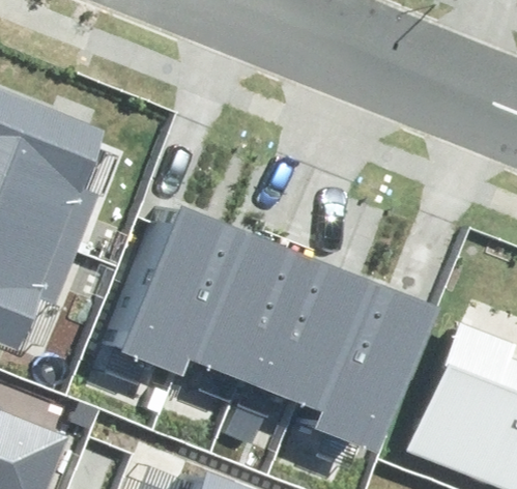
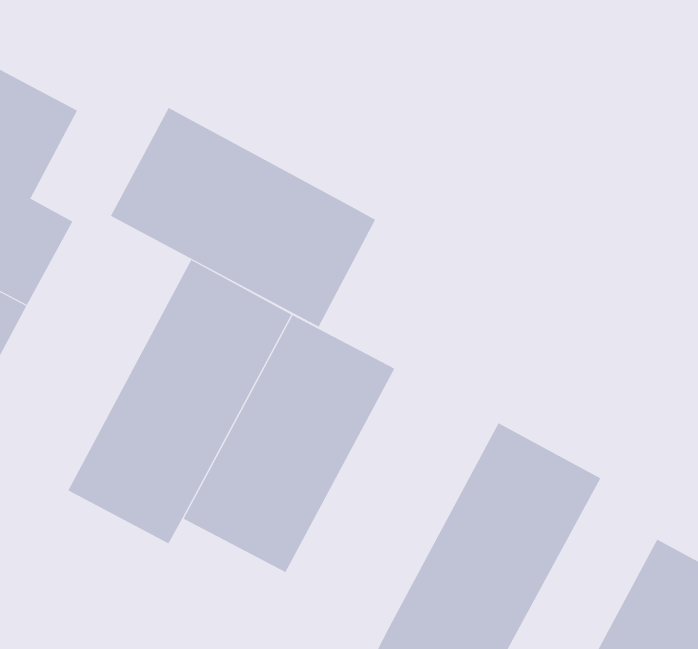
building: none -> [110,107,376,327]
building: [239,253,351,402] -> none

